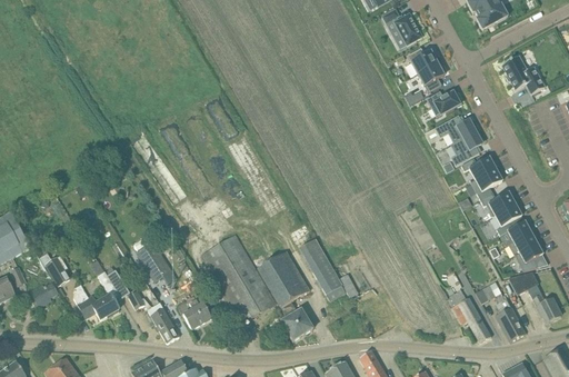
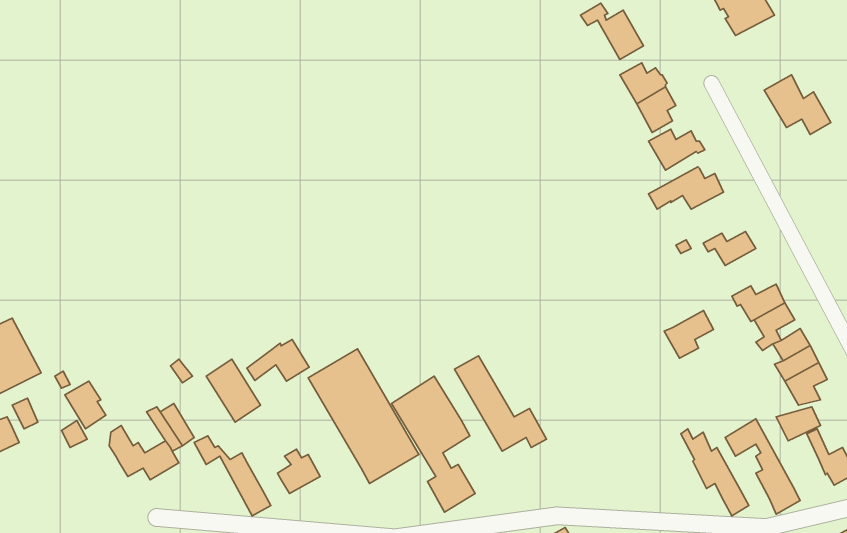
building: [450,131,481,165] -> none
building: [470,168,502,199] -> [664,311,714,358]
building: none -> [247,340,309,381]

